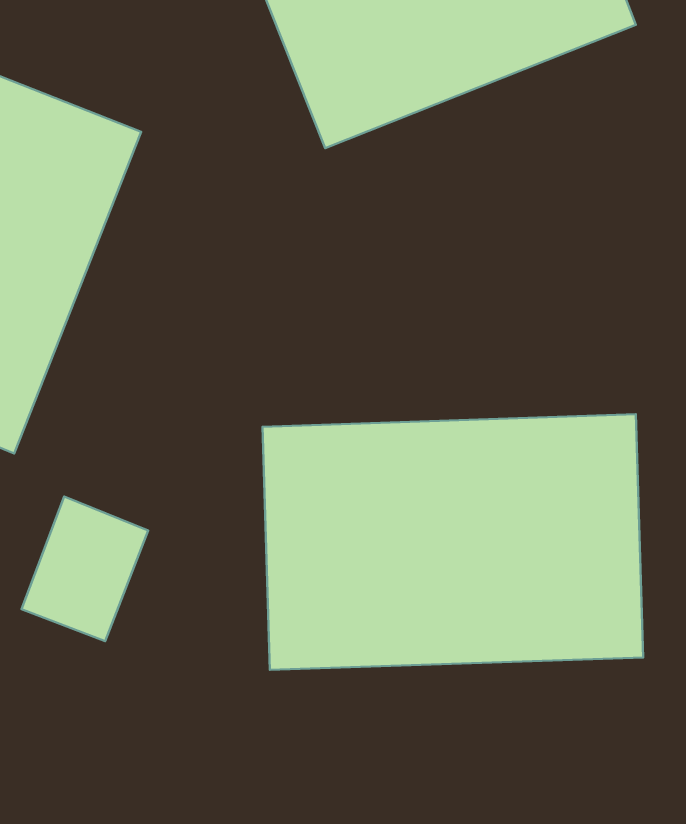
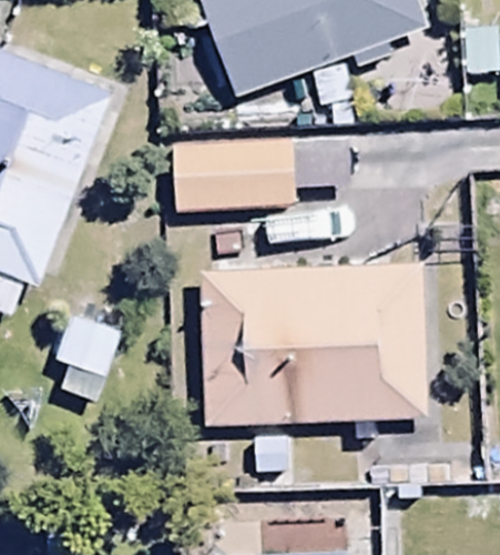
building: none -> [174,138,354,212]

